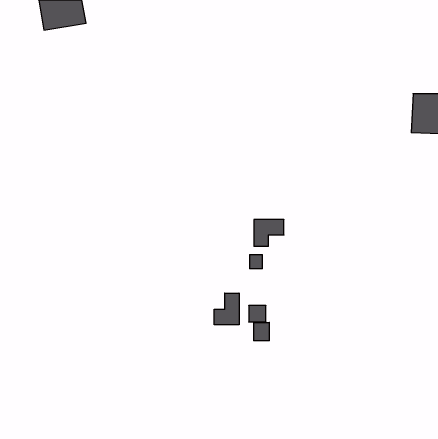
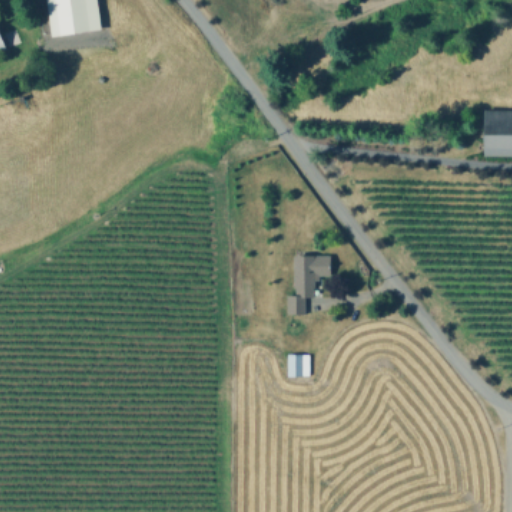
building: [214,293,239,325] -> none
building: [254,322,269,341] -> none

